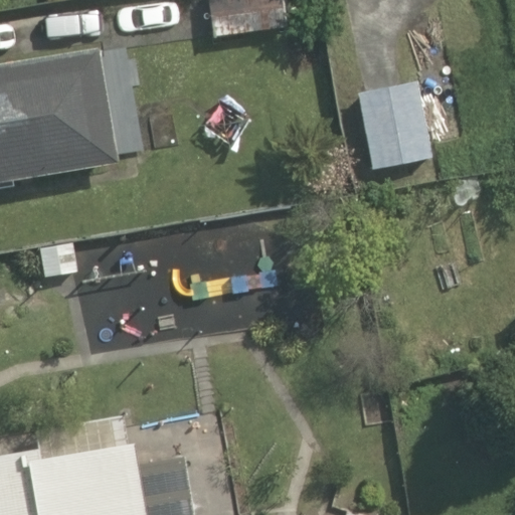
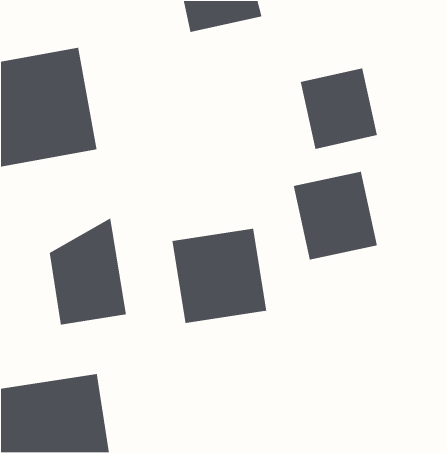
building: none -> [293,171,378,261]
building: none -> [172,228,267,324]

